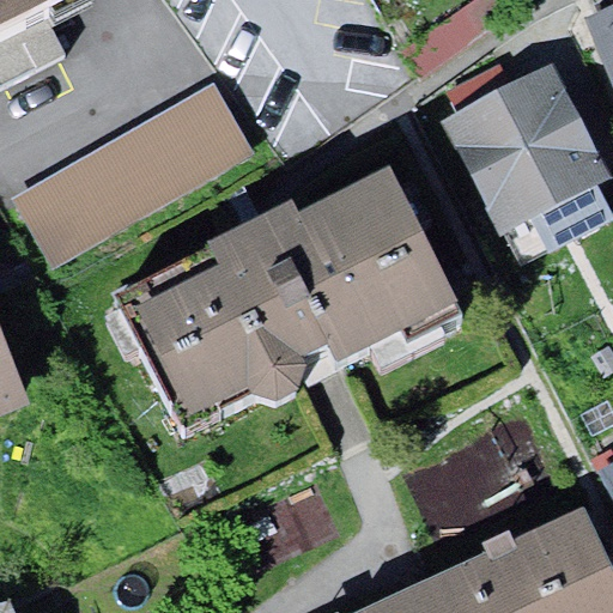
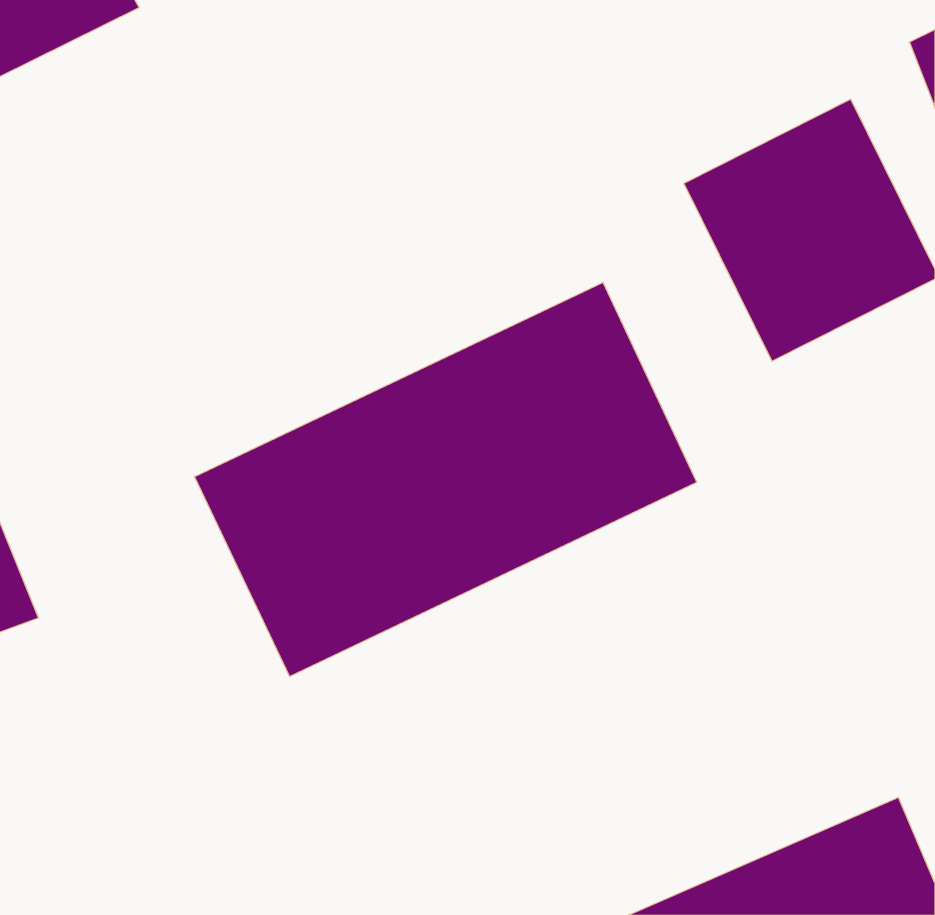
building: [8,67,251,257] -> none

